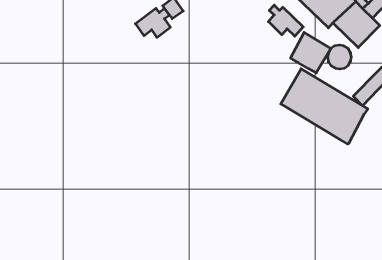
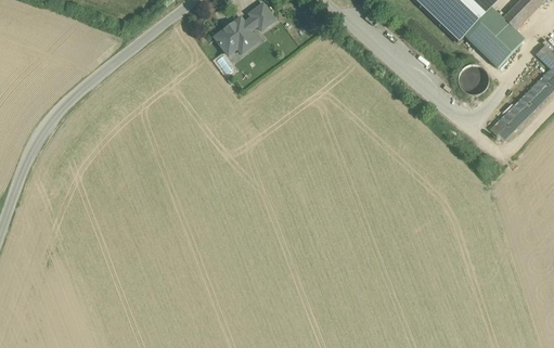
building: [268,5,303,36] -> none
building: [291,32,331,73] -> none
building: [281,69,368,144] -> none

